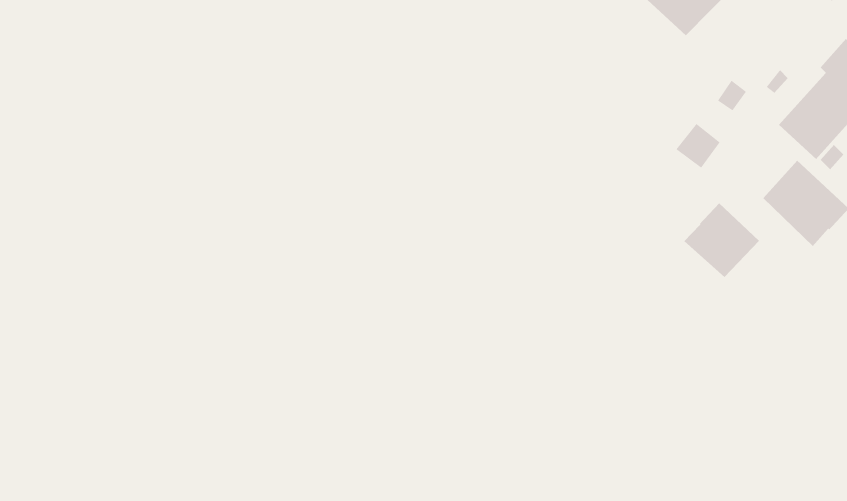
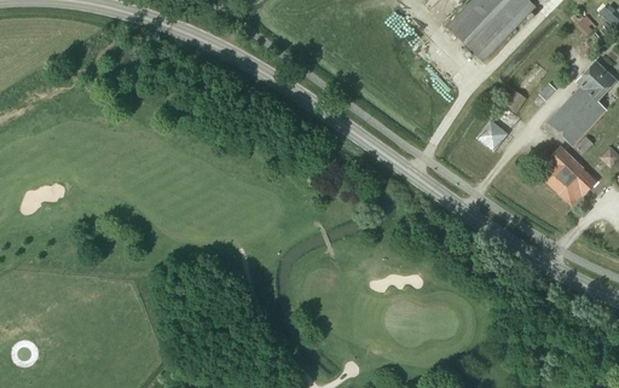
building: [684,203,760,278] -> none

